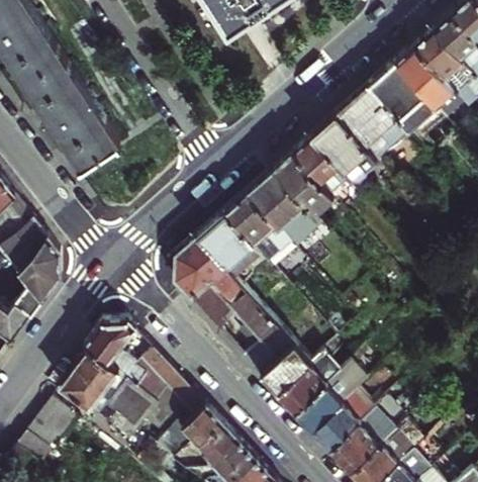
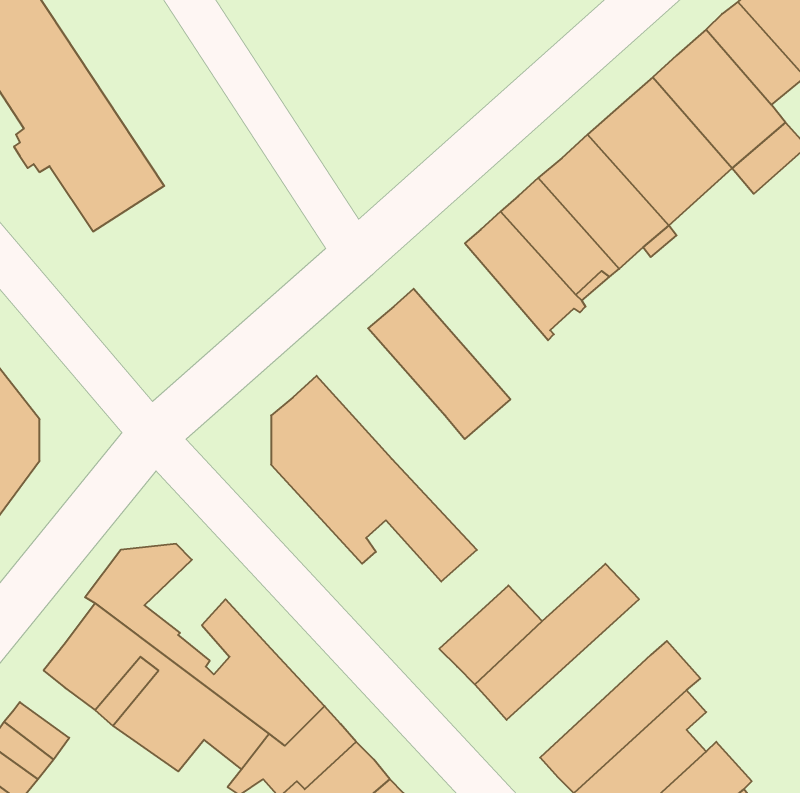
building: [247,170,323,251] -> none
building: [197,213,263,280] -> none
building: [244,326,295,377] -> none
building: [294,362,368,432] -> none

